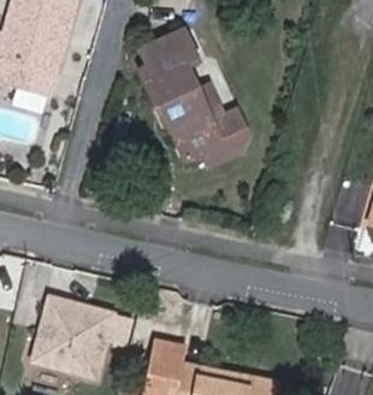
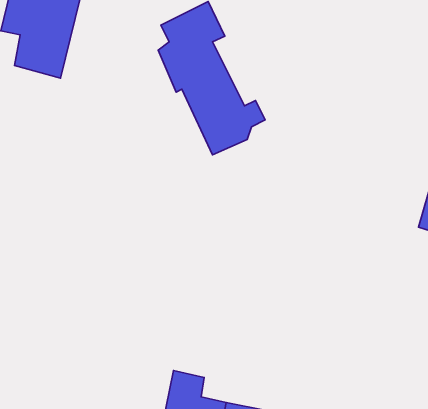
building: [34,294,116,376] -> none

